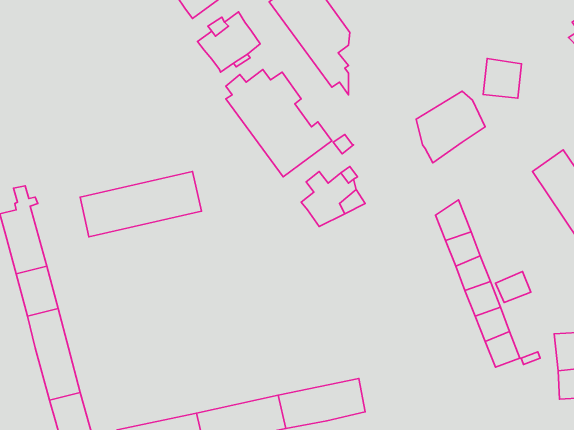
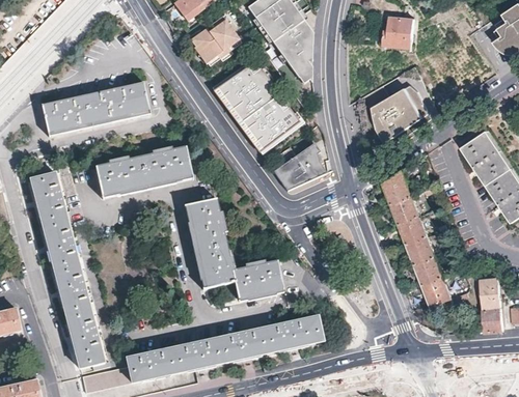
building: [483,59,522,98] -> [383,15,414,47]
building: none -> [39,82,149,137]
building: none -> [185,200,284,299]
building: [496,271,531,303] -> none

